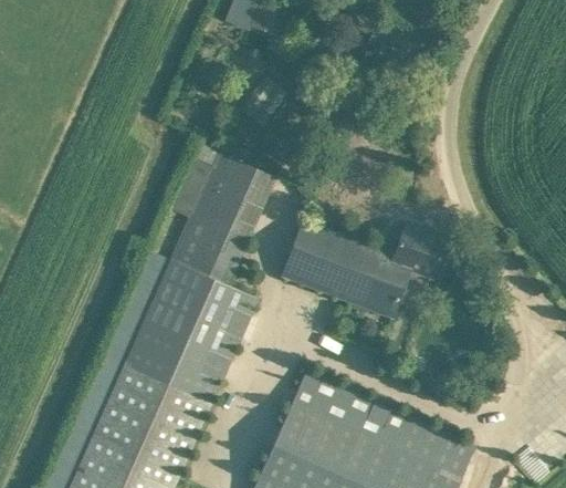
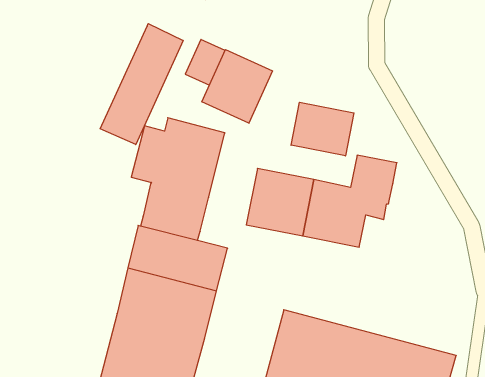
building: none -> [100,24,183,145]
building: none -> [202,50,273,123]
building: none -> [291,102,354,156]

